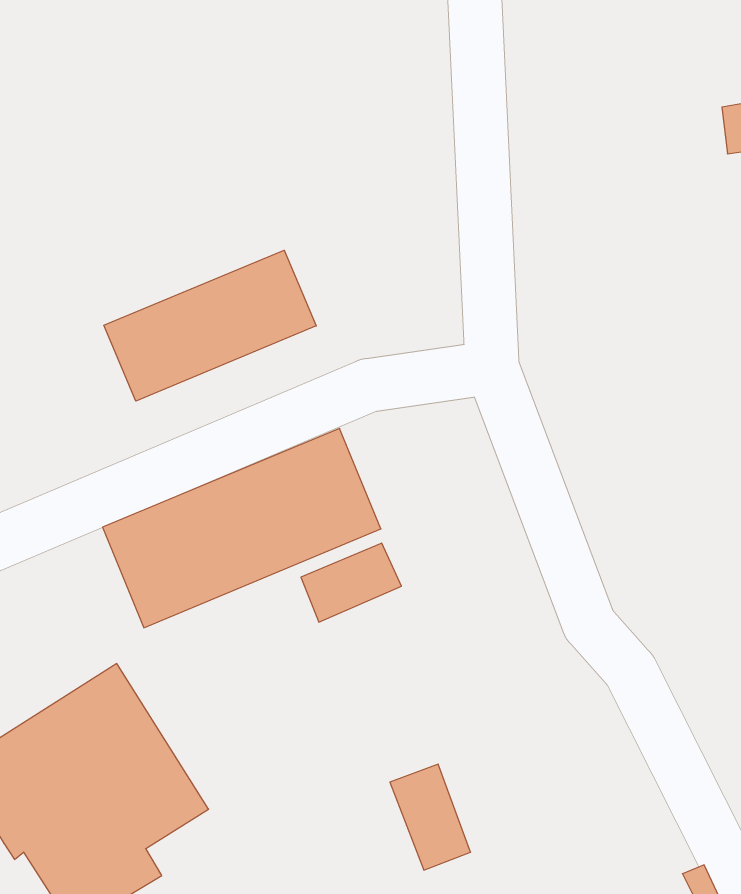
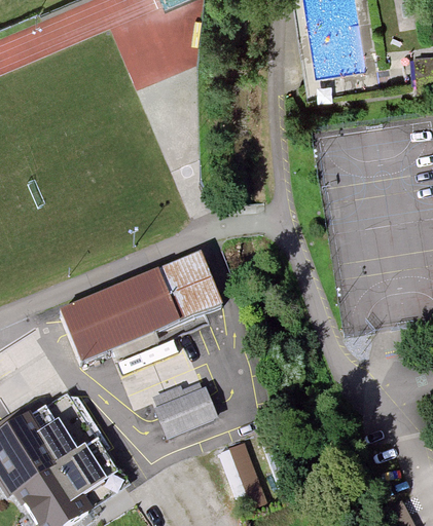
building: [104,250,316,401] -> none
building: [301,543,401,622] -> [157,390,215,436]

